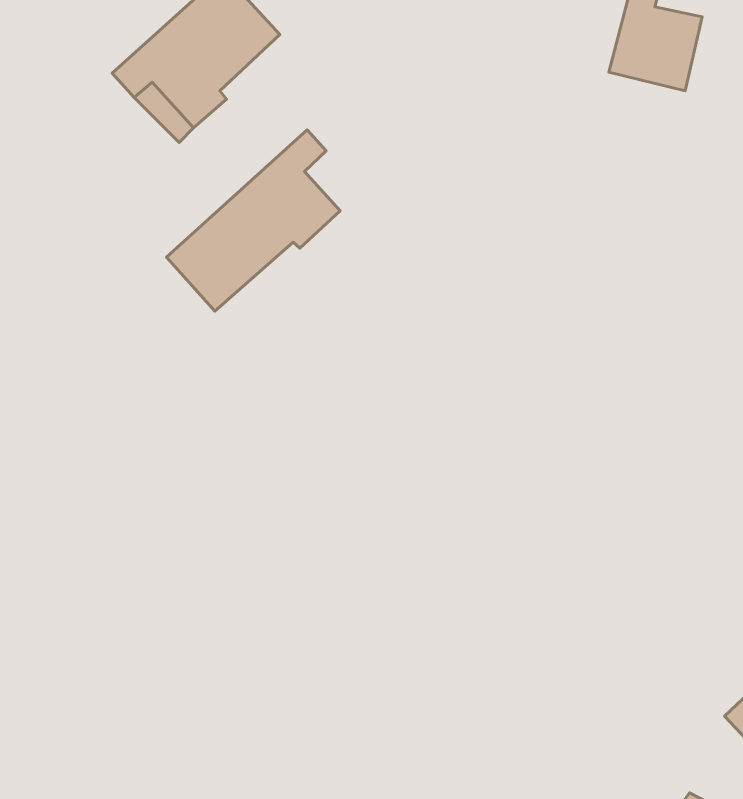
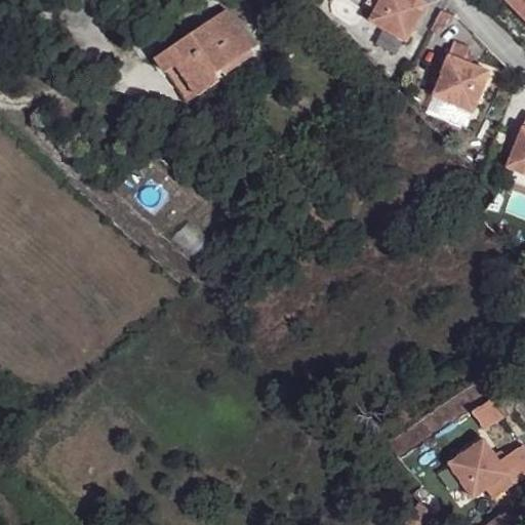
building: [167,130,340,311] -> none

